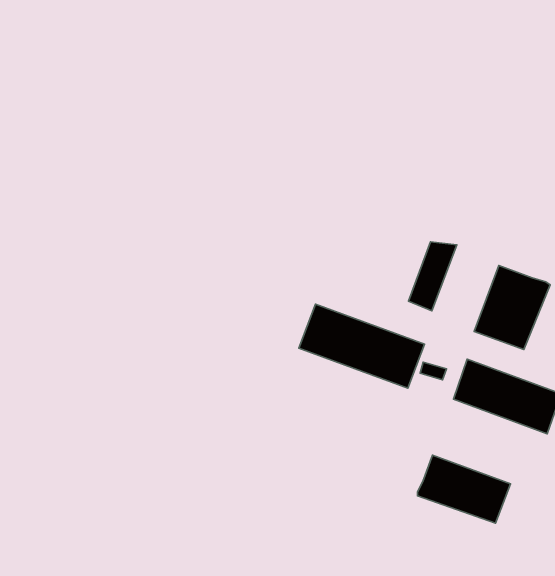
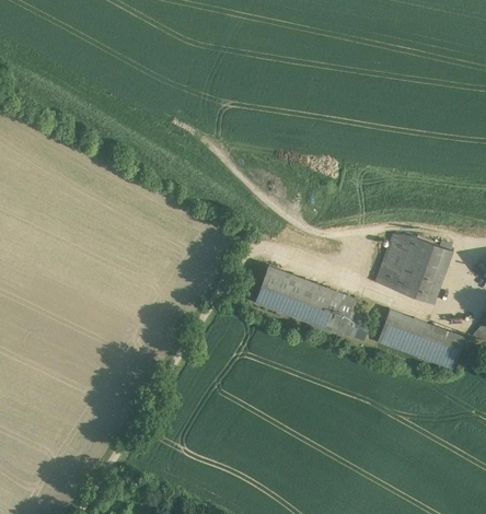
building: [408,242,457,311] -> [377,235,415,290]
building: [418,455,511,523] -> none

